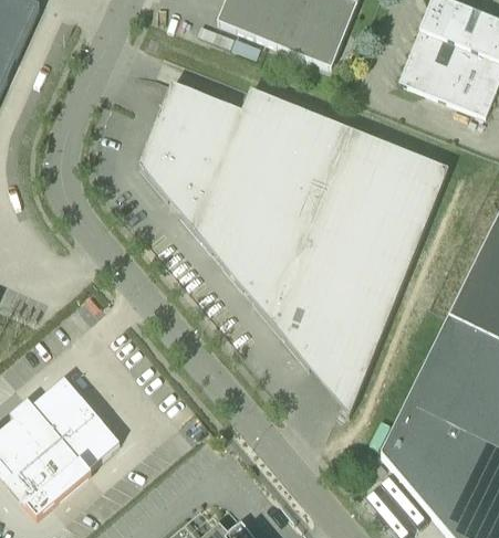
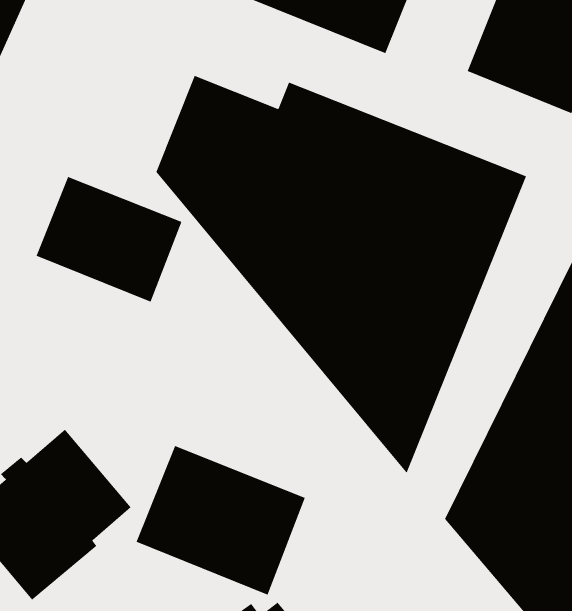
building: none -> [36,176,182,303]
building: none -> [136,445,306,595]

